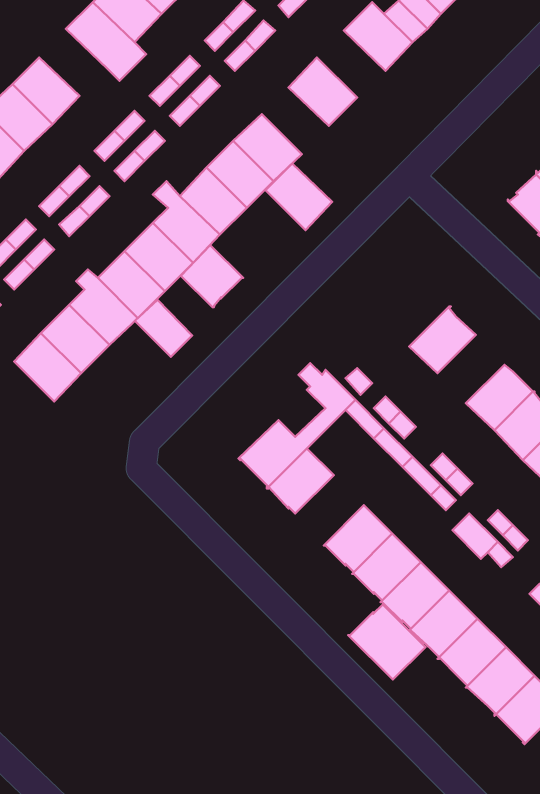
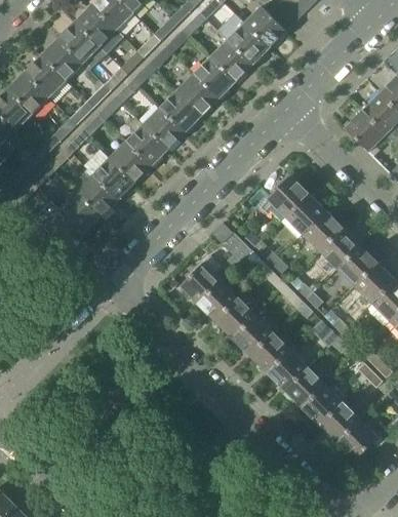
building: none -> [57,22,100,63]
building: none -> [228,23,270,64]
building: [265,163,332,230] -> [194,57,235,98]
building: [181,245,243,307] -> none
building: none -> [267,174,309,216]
building: [135,300,192,357] -> none
building: none -> [302,209,344,251]
building: none -> [214,295,256,337]
building: [348,604,425,680] -> none

